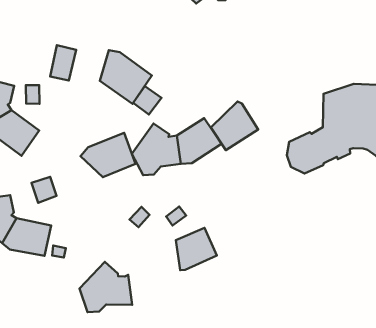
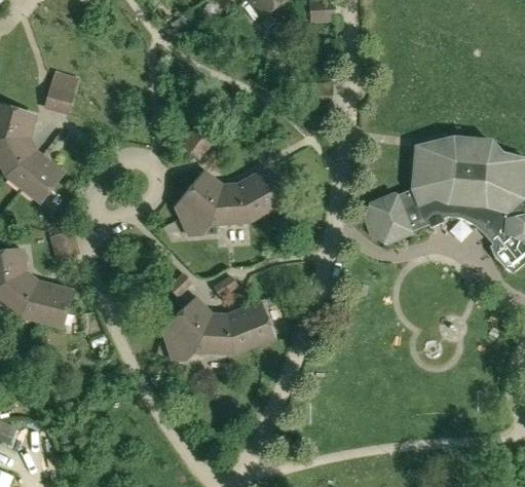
building: [50,45,76,80] -> [44,70,78,114]
building: [100,50,152,104] -> none
building: [211,101,258,150] -> none
building: [81,133,136,177] -> none
building: [79,262,132,312] -> [163,298,227,359]

